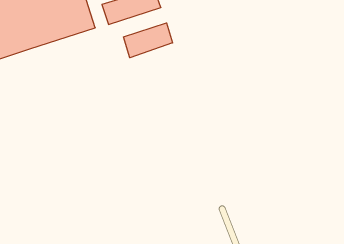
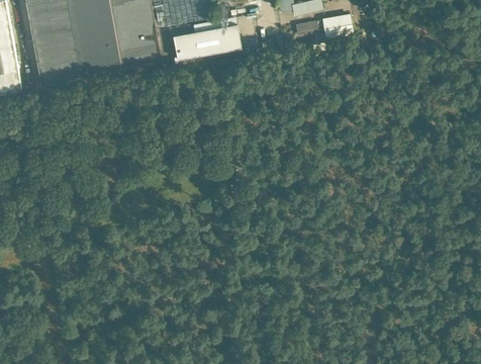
building: [123,23,173,58] -> none

